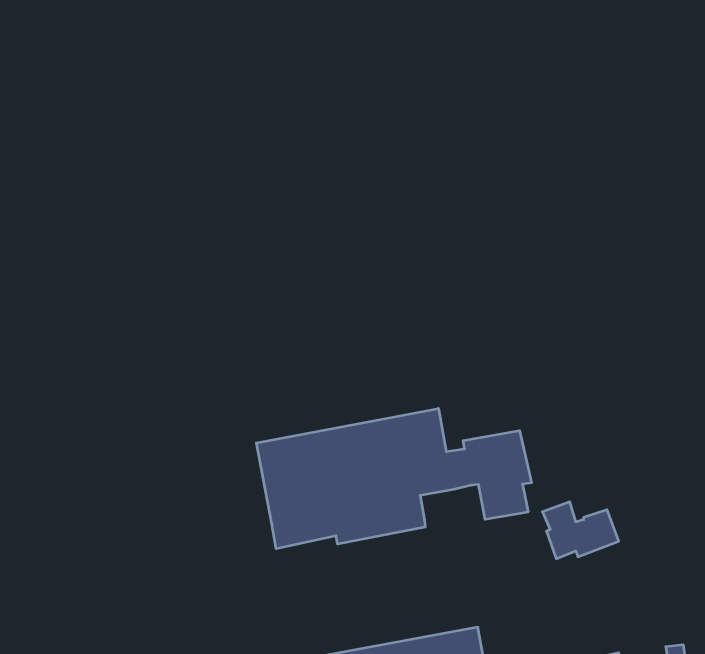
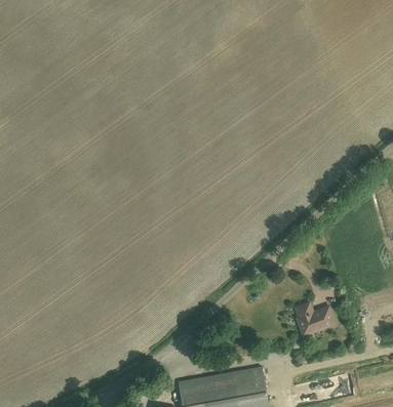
building: [256,408,532,549] -> none

